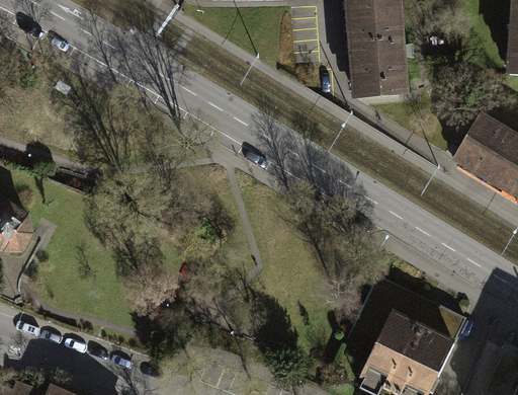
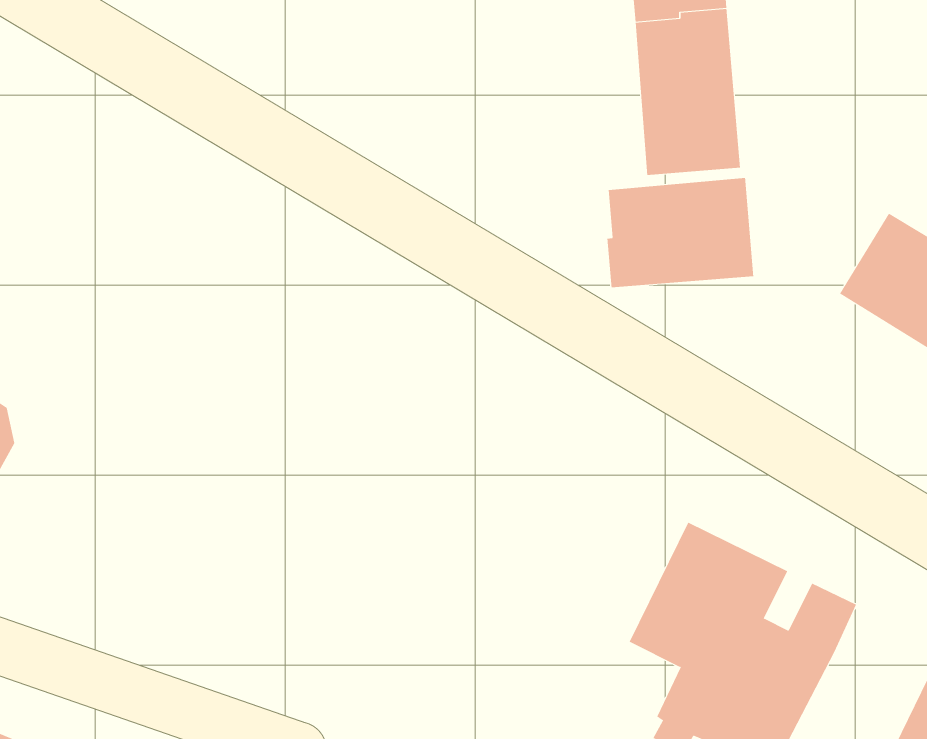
building: none -> [607,177,754,288]

